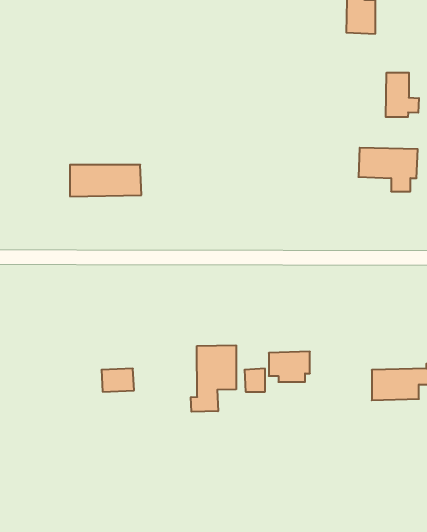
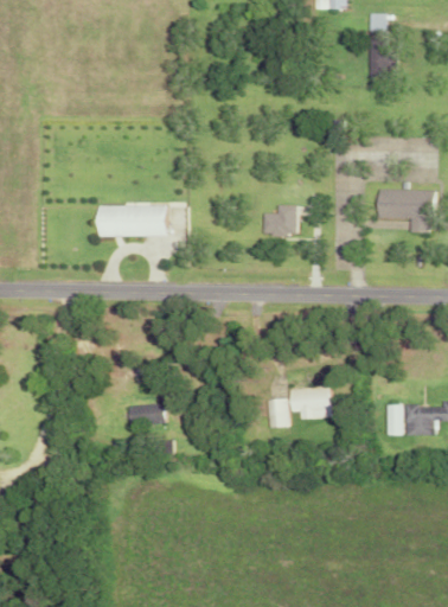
building: [386,73,419,117] -> none
building: none -> [262,204,296,232]
building: [191,345,236,412] -> none

